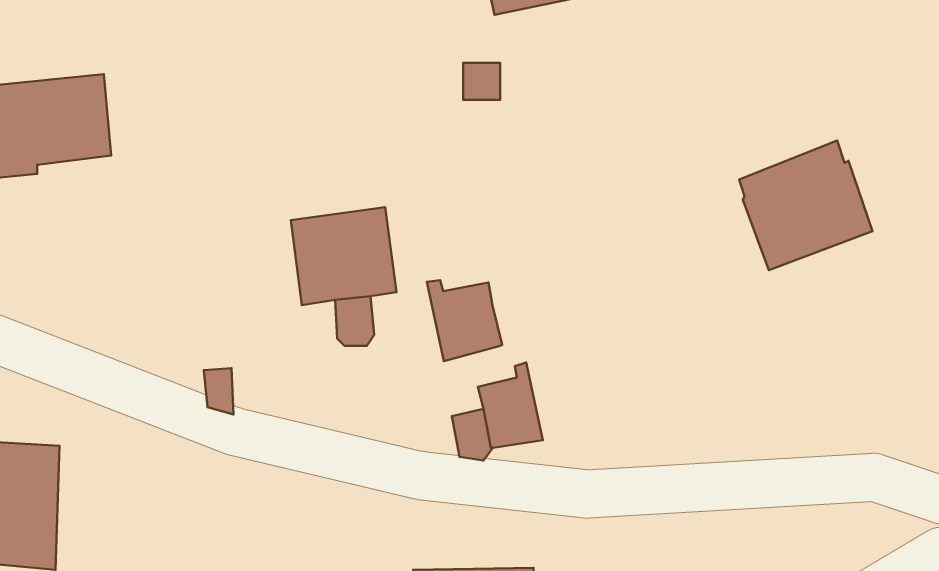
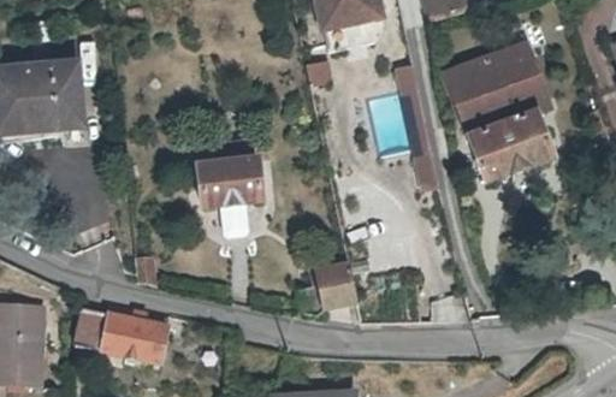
building: none -> [446,36,555,129]
building: [427,280,502,361] -> none
building: none -> [76,312,170,368]

